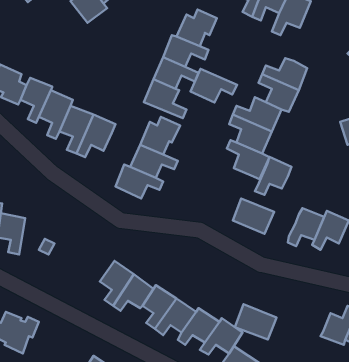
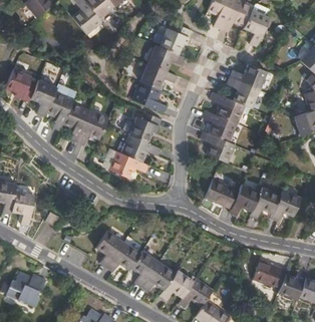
building: [191,69,237,102] -> none
building: [255,157,292,195] -> [229,184,259,215]
building: [235,304,276,339] -> [252,259,286,288]

